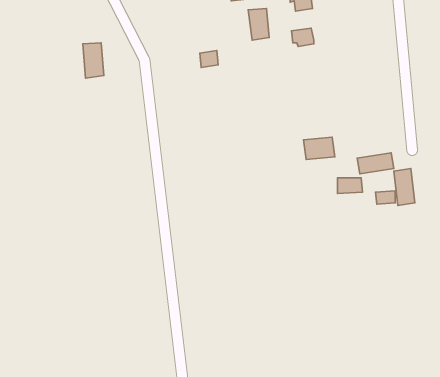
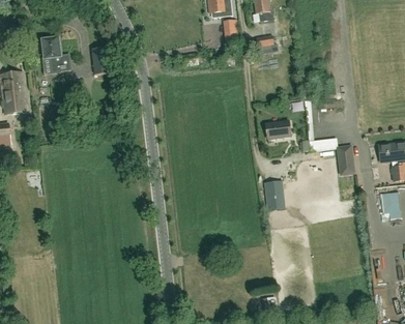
building: none -> [40,37,70,71]
building: none -> [264,180,286,216]

